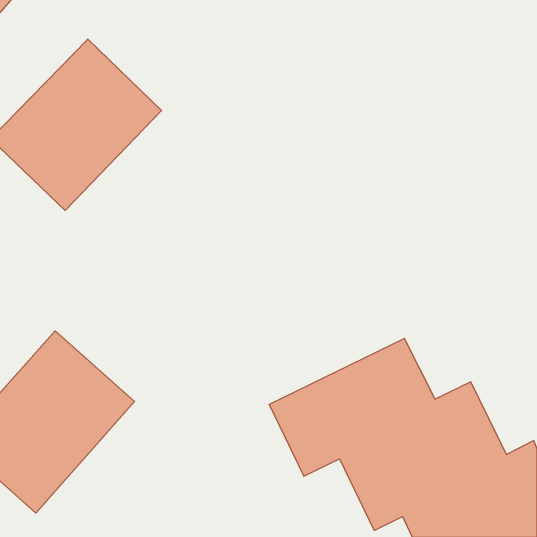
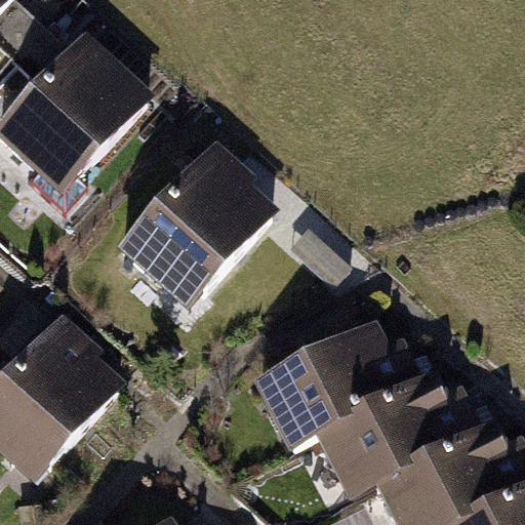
building: none -> [121,150,283,315]

